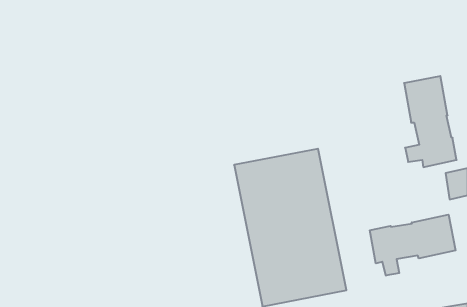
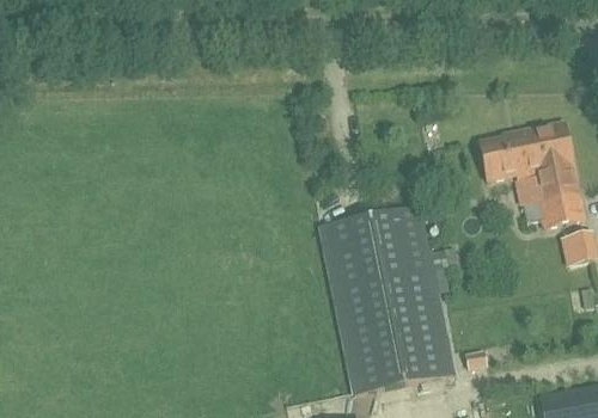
building: none -> [478,129,530,180]
building: [370,215,456,276] -> none

